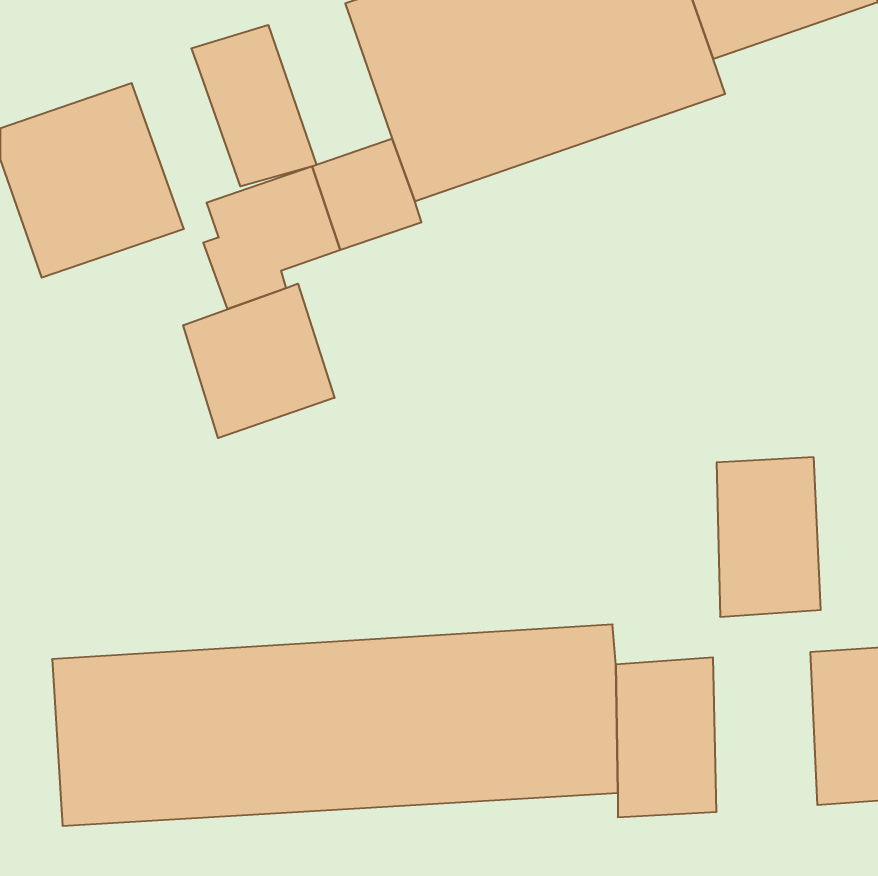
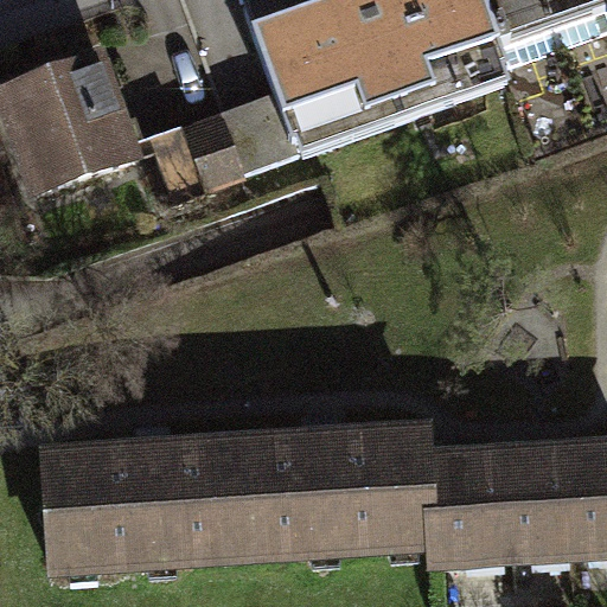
building: [191,25,316,186] -> none
building: [183,284,335,438] -> none
building: [717,457,821,617] -> [493,446,564,555]

